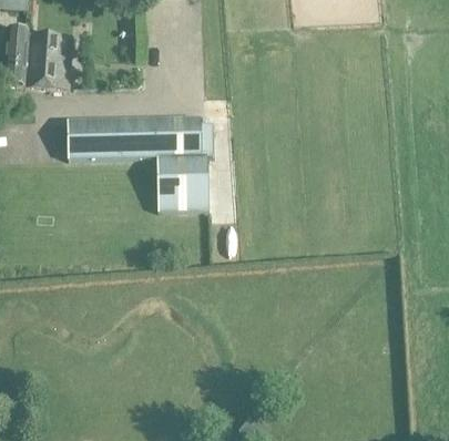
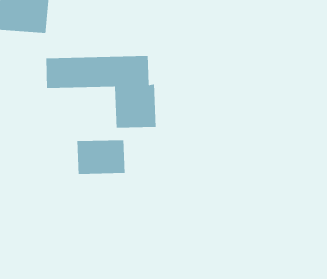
building: none -> [76,139,126,175]

